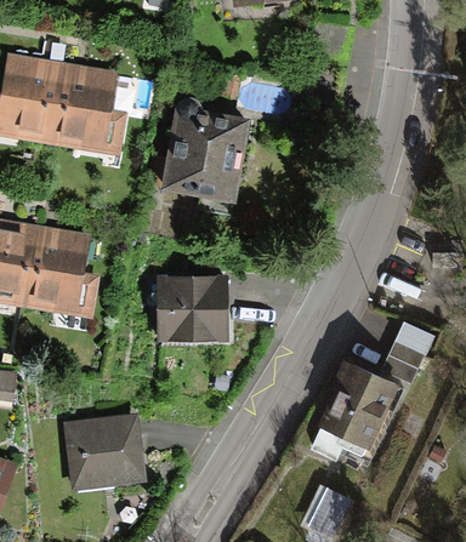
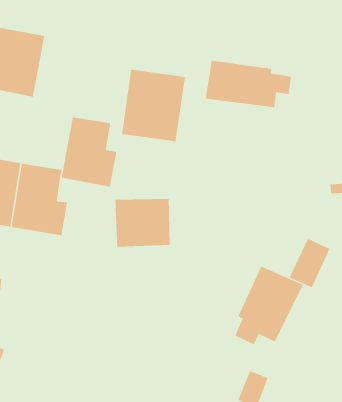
building: [55,64,126,155] -> [61,116,117,188]
building: none -> [205,60,292,108]
building: [63,413,137,489] -> none

